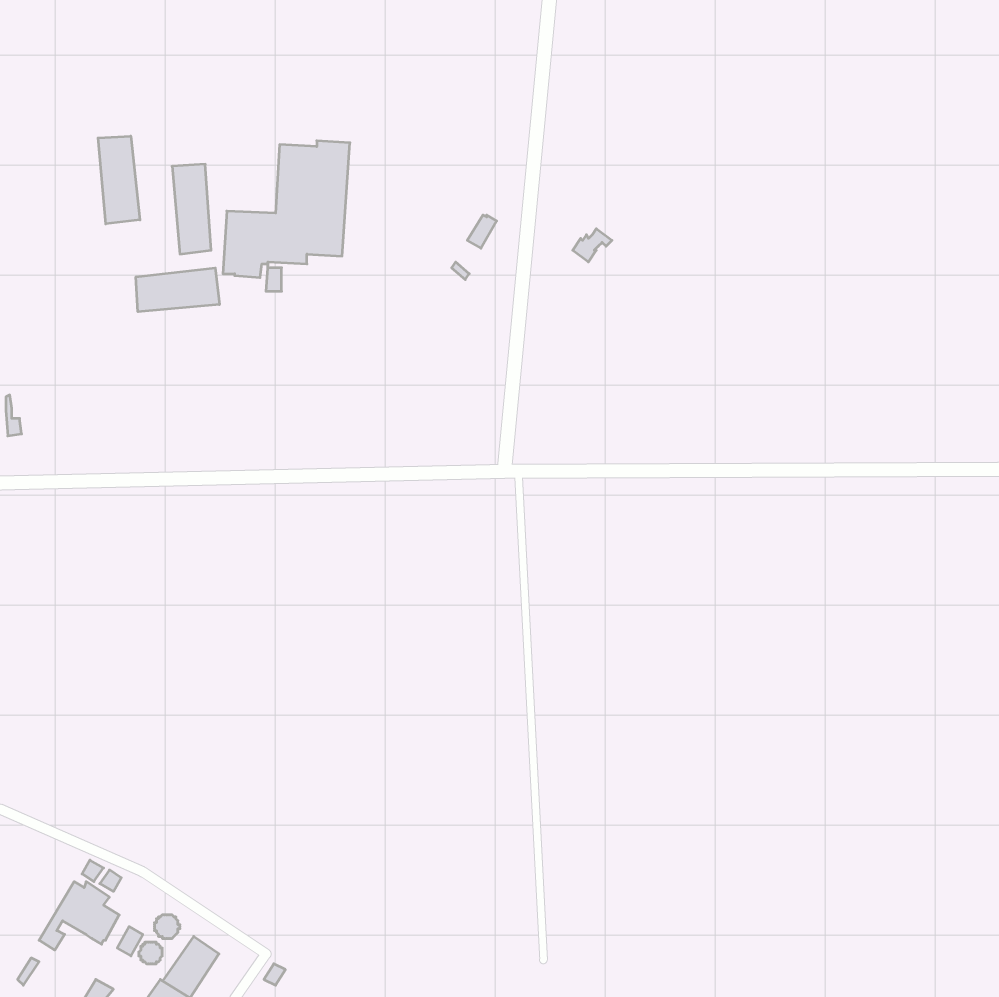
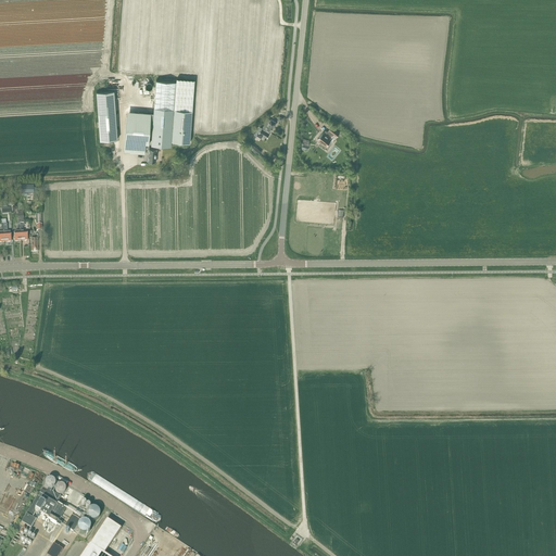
building: [98,136,140,224] -> none
building: [136,268,219,312] -> none

